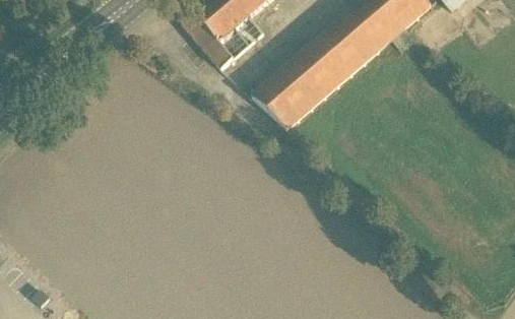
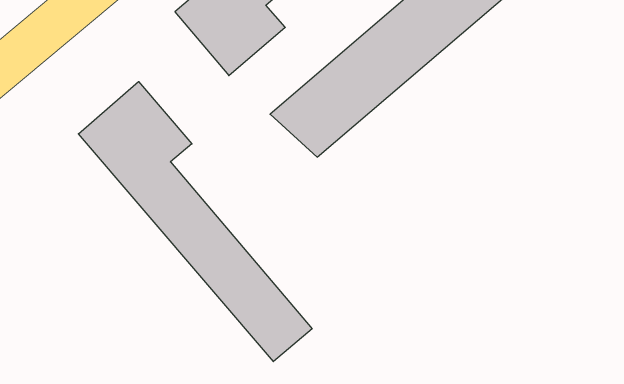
building: none -> [78,82,312,362]

